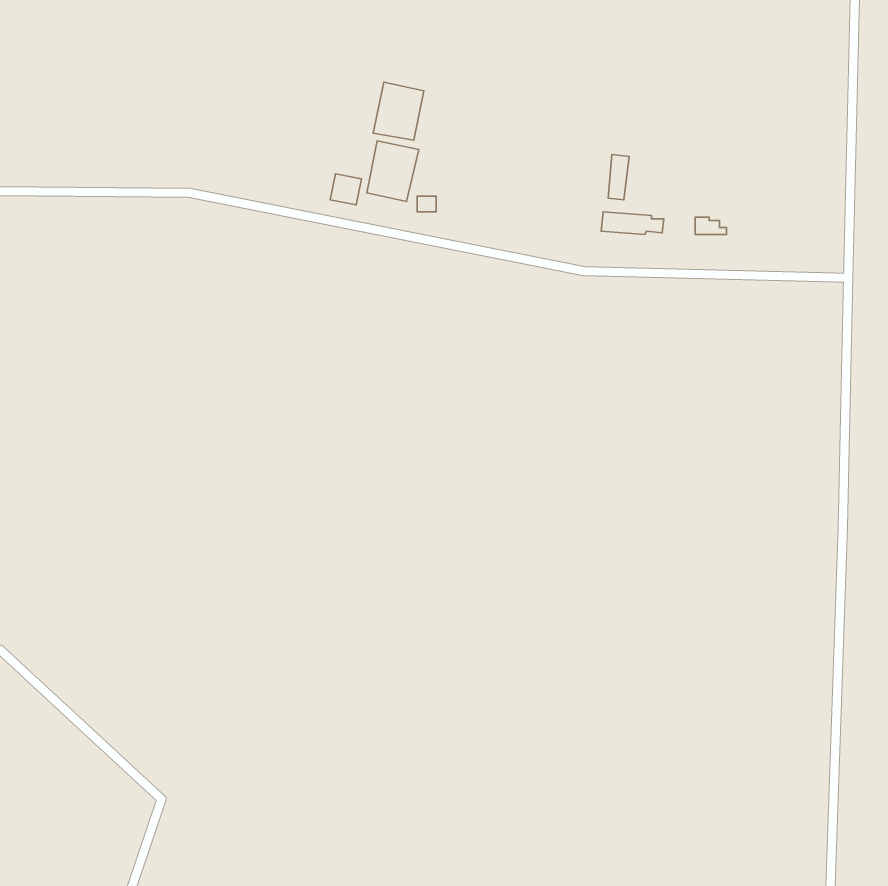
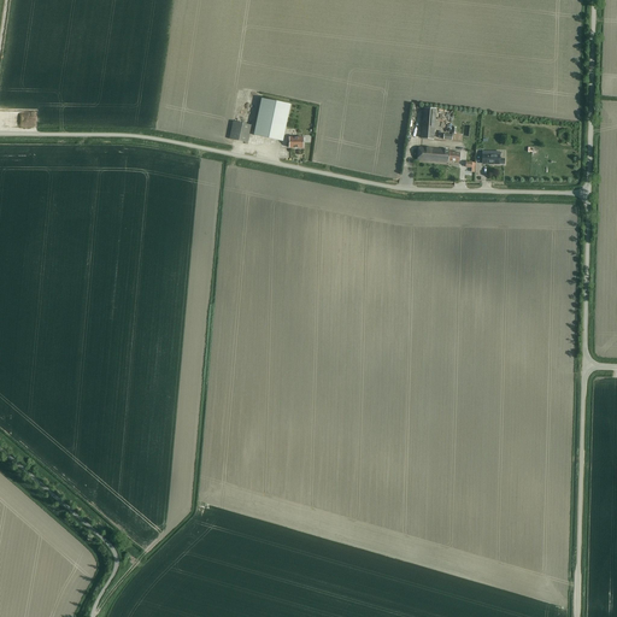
building: [373,82,424,140] -> none

